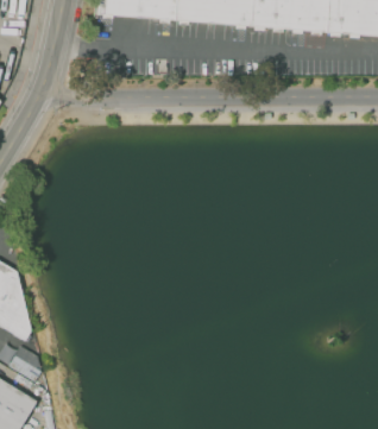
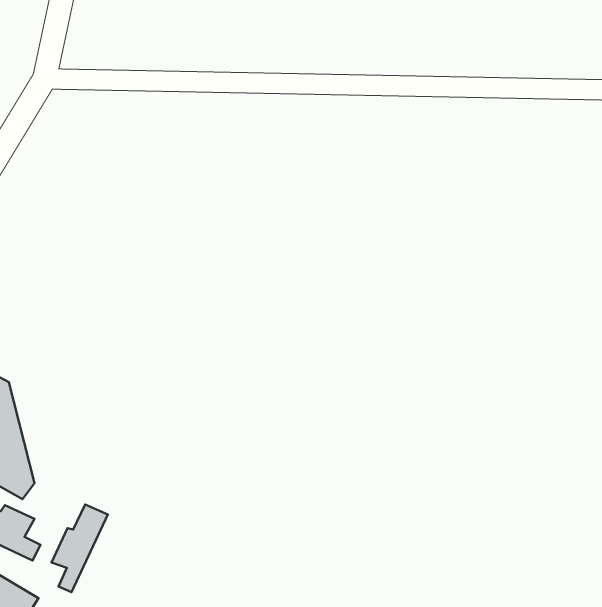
building: none -> [51,505,108,592]

